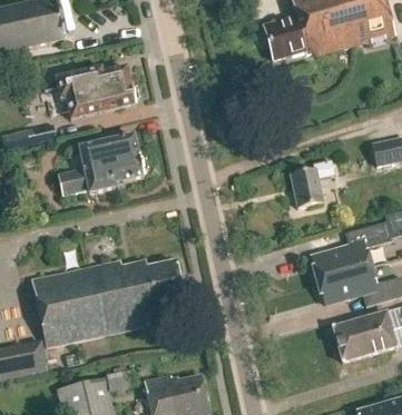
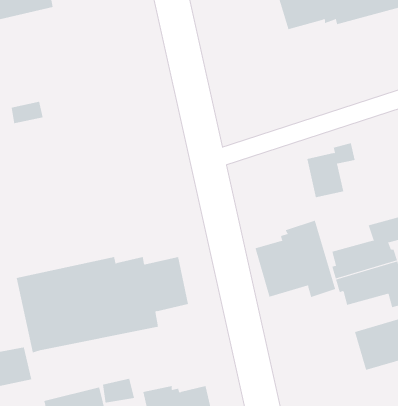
building: [56,67,139,119] -> none
building: [57,135,147,196] -> none
building: none -> [255,220,336,298]

